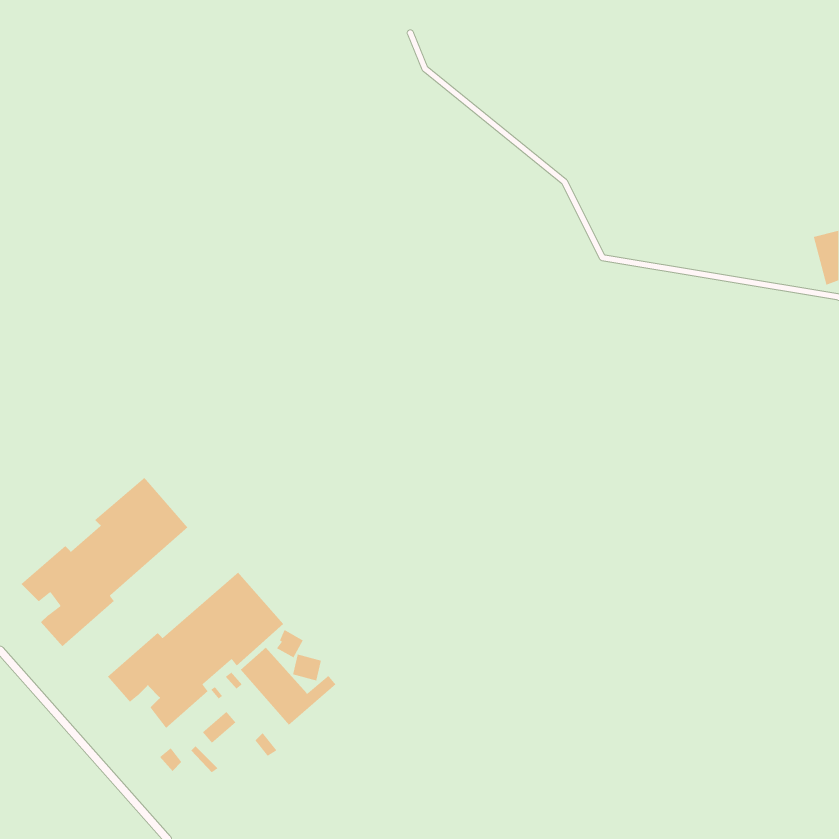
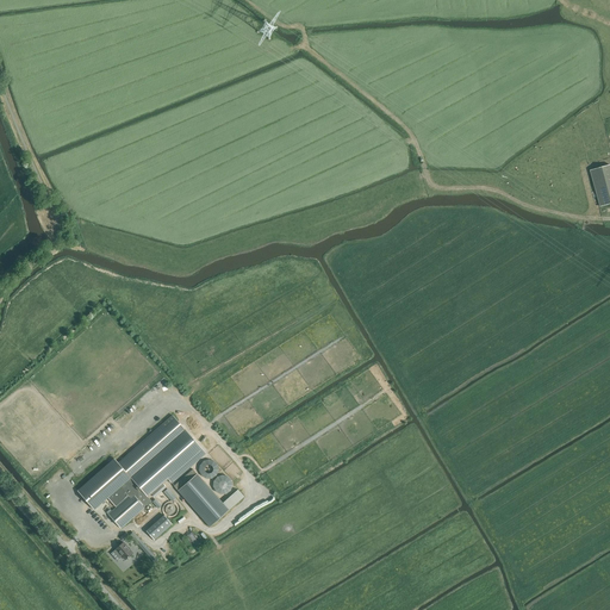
building: [20,477,189,647] -> none

